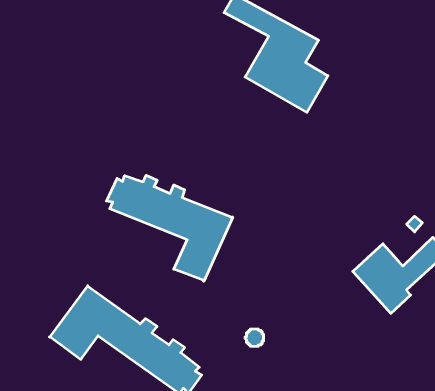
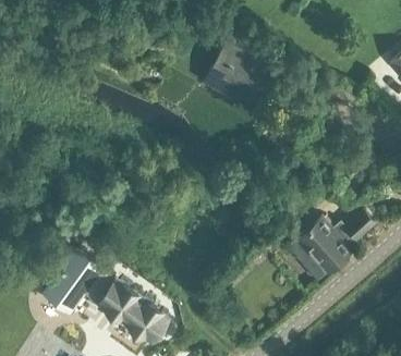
building: [106,175,233,281] -> none

